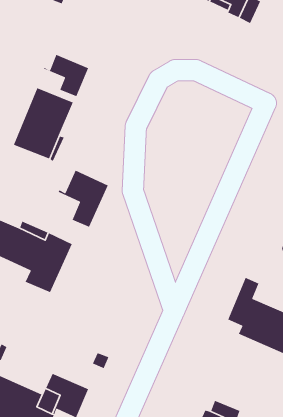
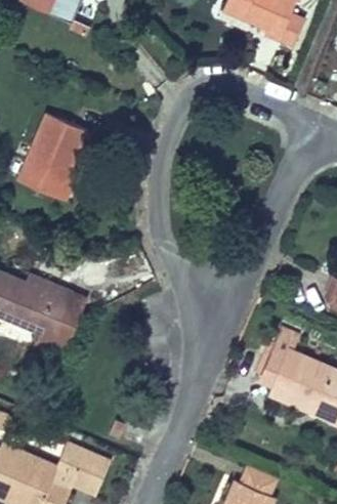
building: [43,54,89,97] -> none
building: [58,169,109,228] -> none

